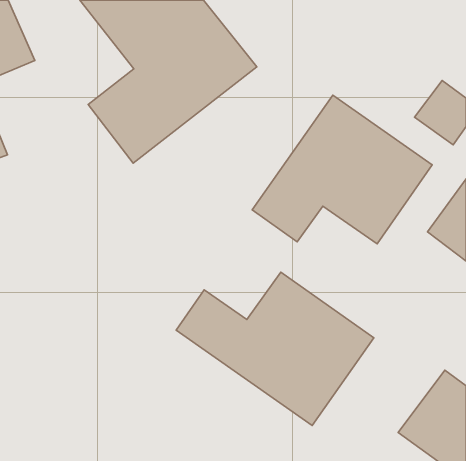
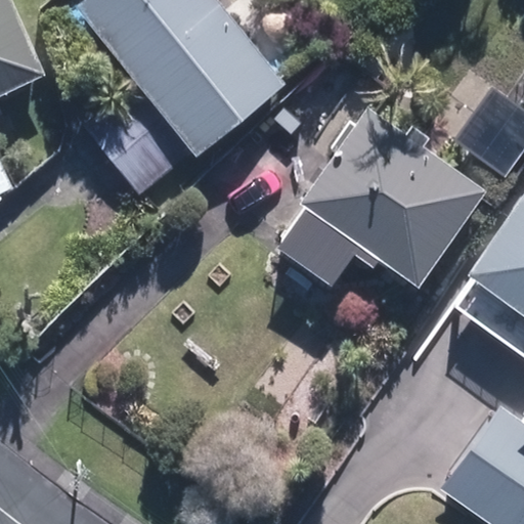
building: [176,272,374,426] -> none

